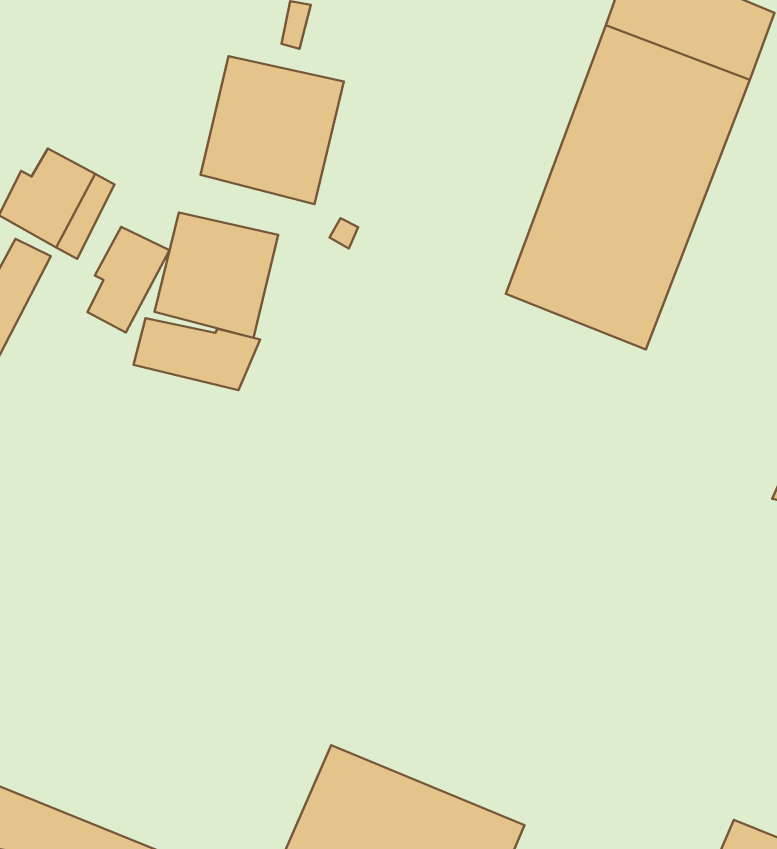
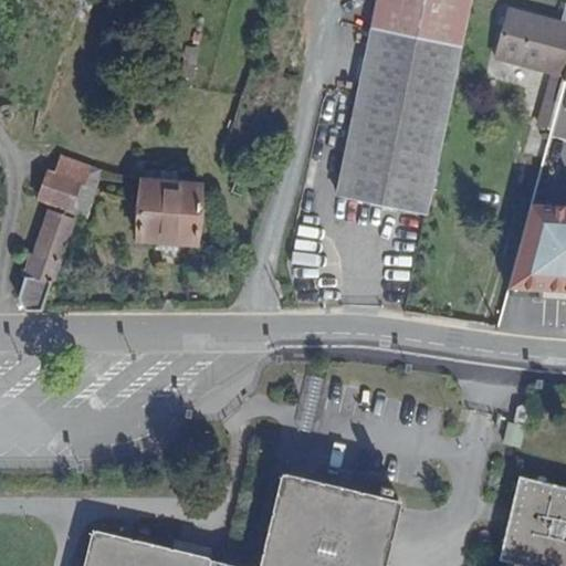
building: [200,56,344,204] -> none
building: [87,227,170,333] -> none
building: [133,318,260,390] -> none

